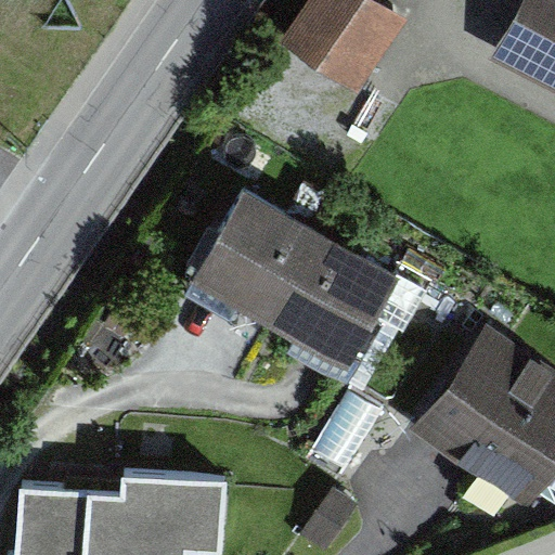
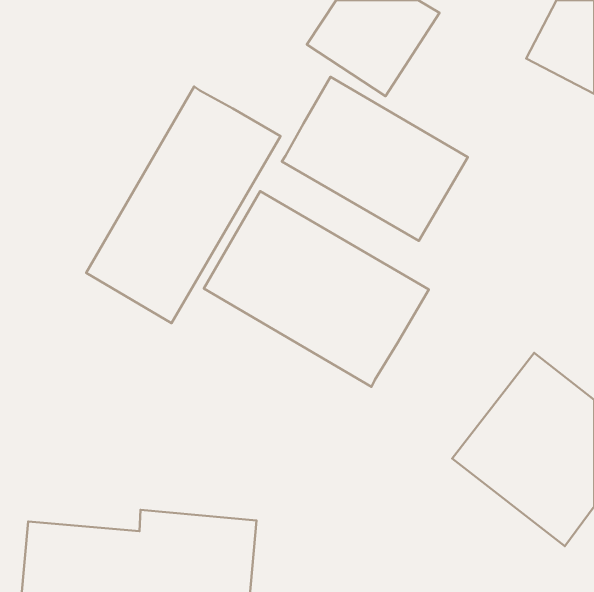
building: none -> [282,77,468,241]
building: none -> [86,86,280,323]

